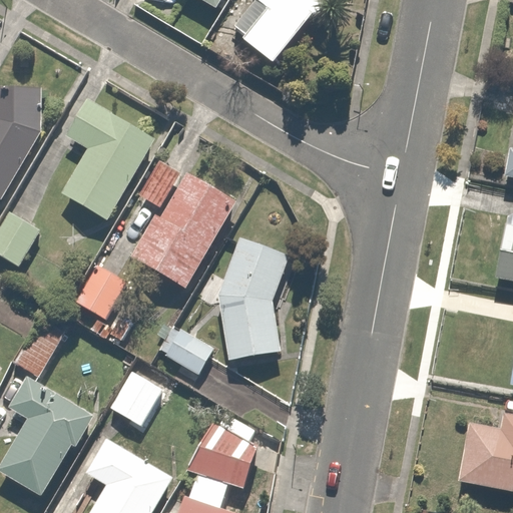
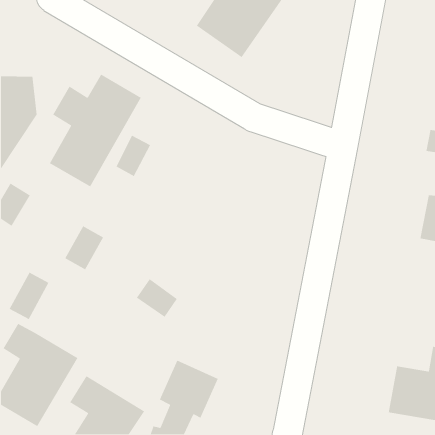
building: [137,173,234,289] -> none
building: [217,237,289,361] -> none
building: [110,372,163,426] -> none

